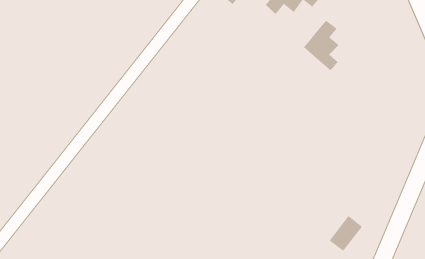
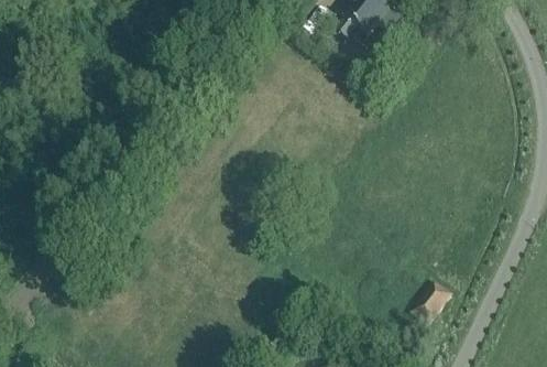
building: [303,20,340,71] -> none

